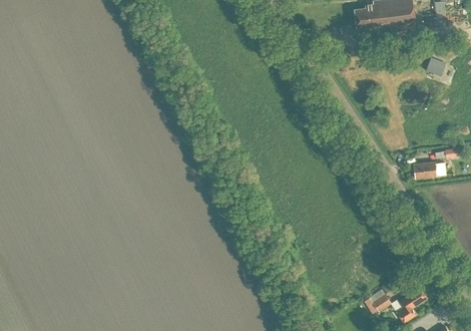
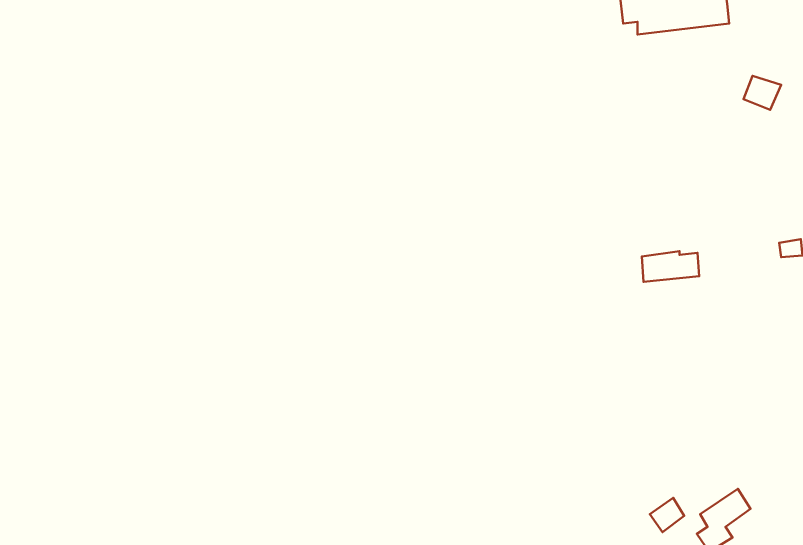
building: [413,161,445,179] -> [642,251,699,282]

